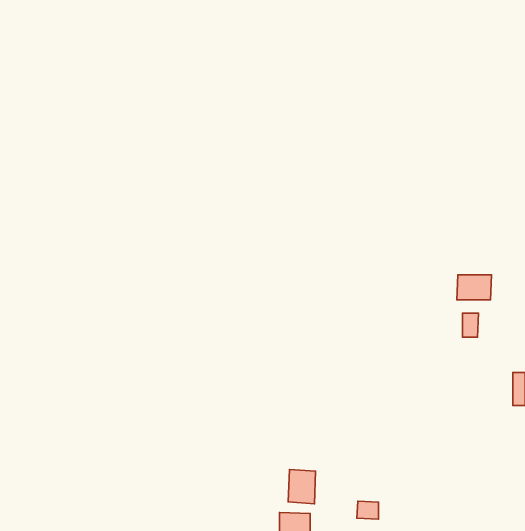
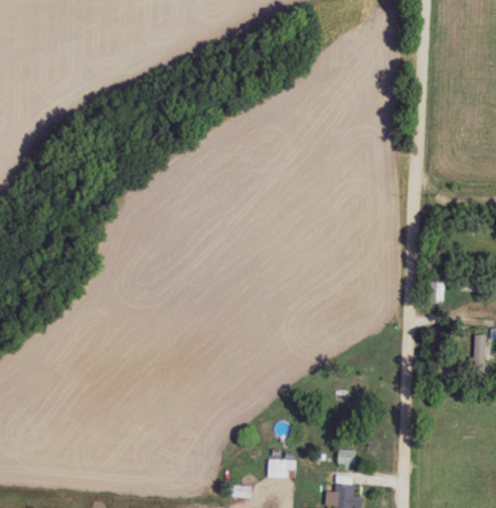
building: [457,275,491,300] -> none
building: [288,469,316,504] -> none

